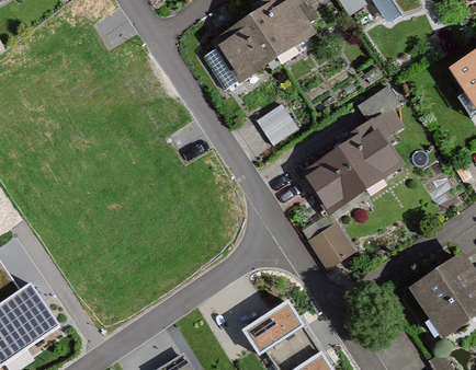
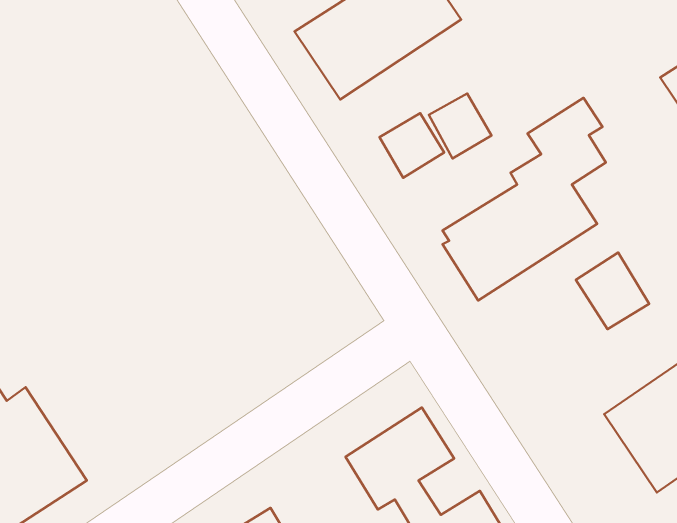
building: none -> [429,94,492,158]
building: none -> [576,253,649,329]
building: [308,213,355,264] -> none

